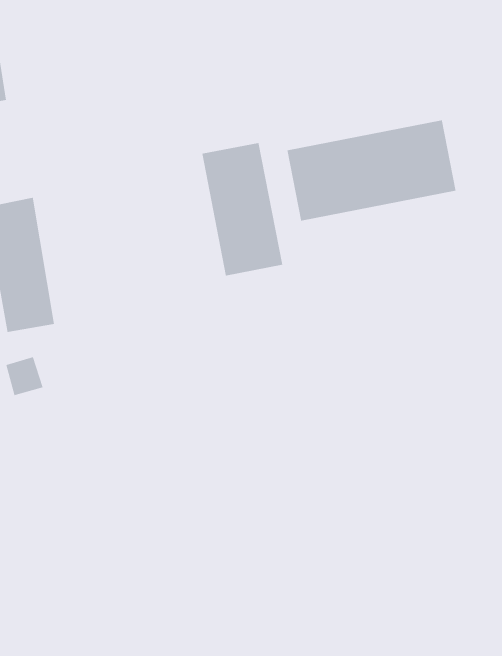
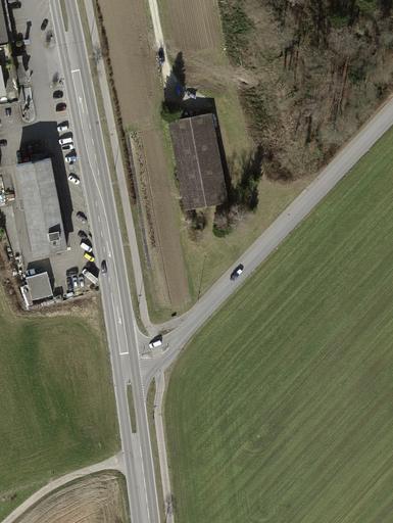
building: [287,119,456,221] -> none

